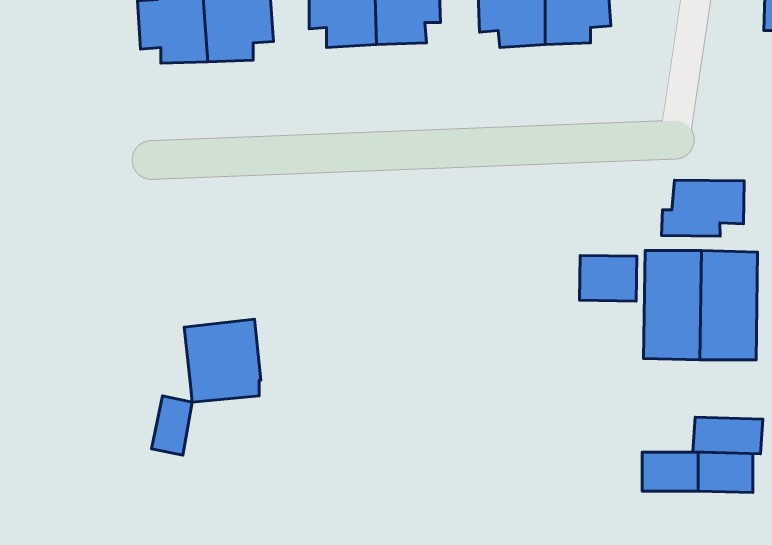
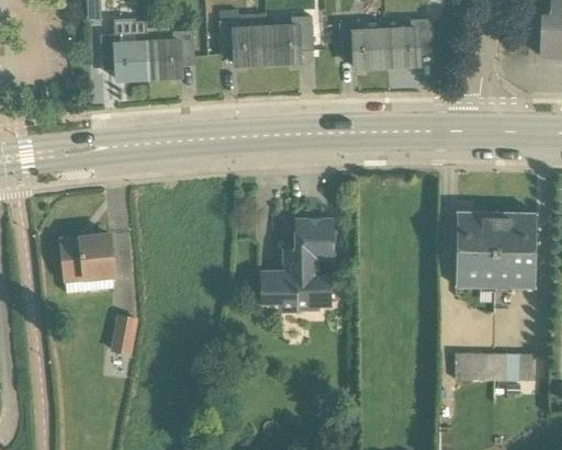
building: [661,180,744,236] -> none
building: [580,255,637,301] -> none
building: none -> [260,218,334,313]
building: [184,319,261,402] -> [61,234,115,292]
building: [693,417,763,454] -> none

